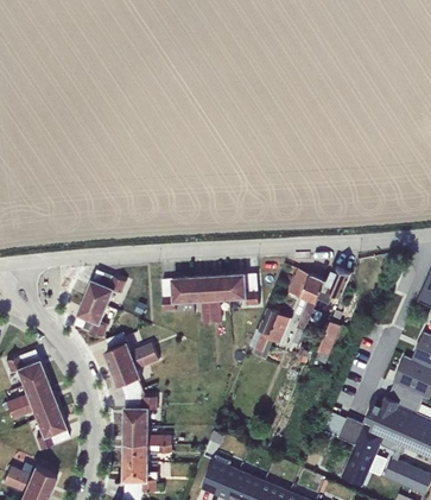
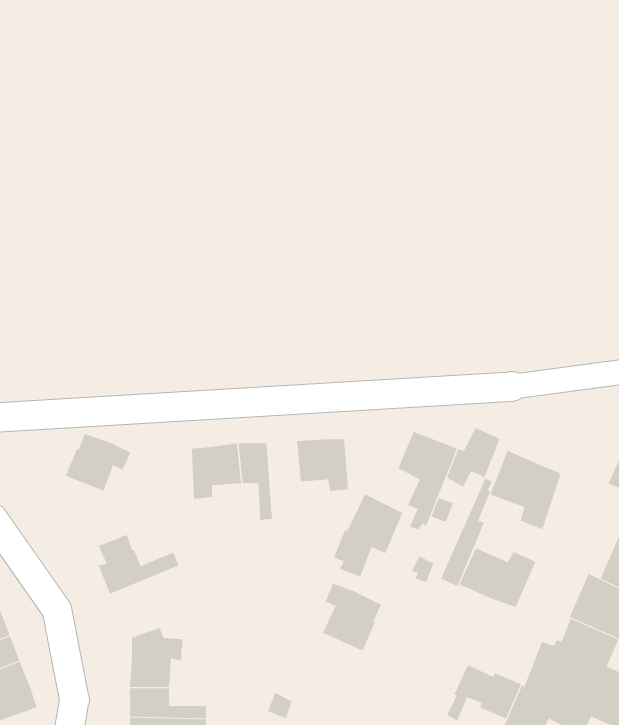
building: [208,274,228,322] -> none
building: none -> [489,450,562,530]
building: [74,296,108,336] -> none
building: none -> [459,548,536,608]
building: [112,350,158,394] -> none
building: none -> [322,583,382,652]

